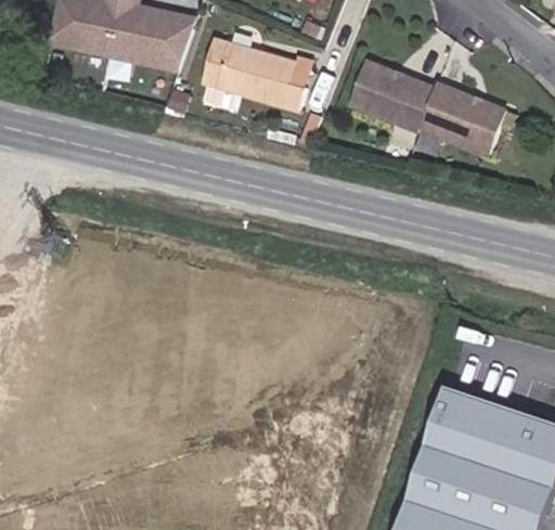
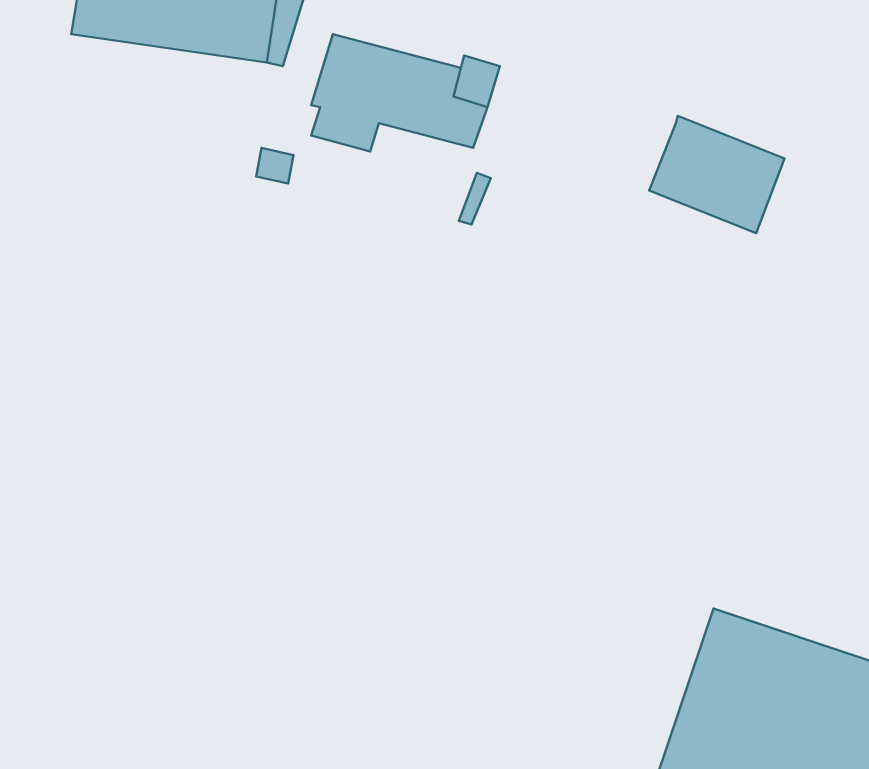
building: [341,67,423,137] -> none

